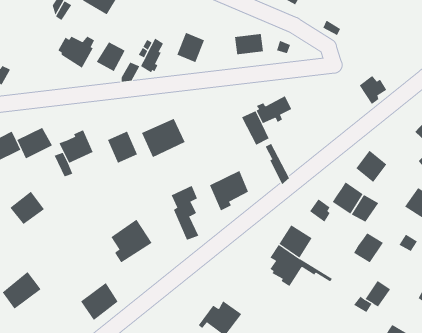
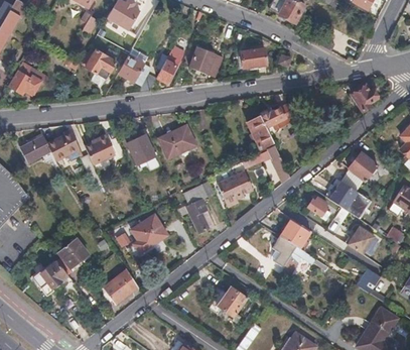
building: [10,191,45,225] -> [58,238,90,268]

